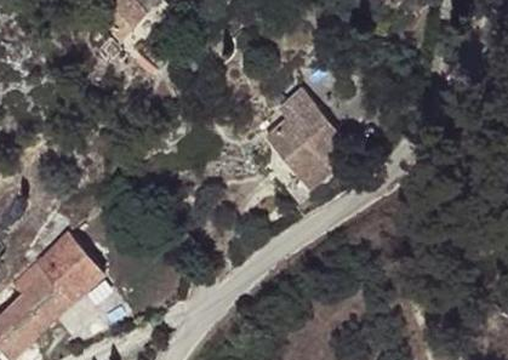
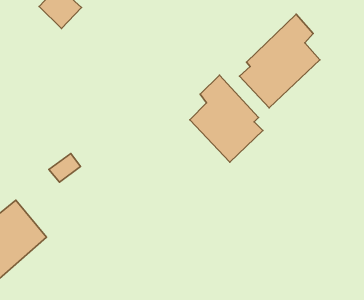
building: none -> [240,14,320,108]

